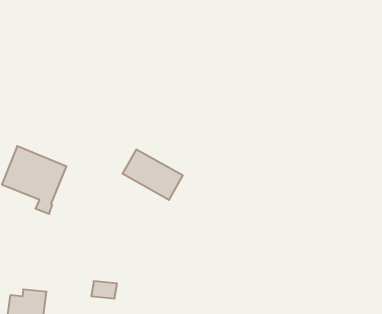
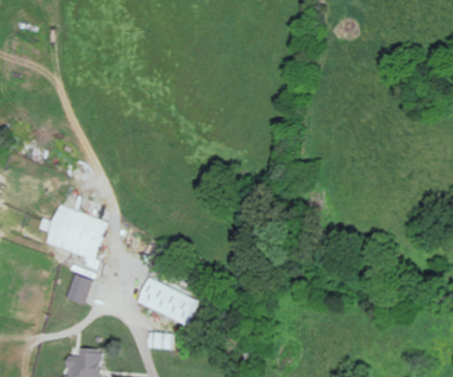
building: [122,149,183,200] -> [137,277,198,324]
building: none -> [66,274,92,304]

